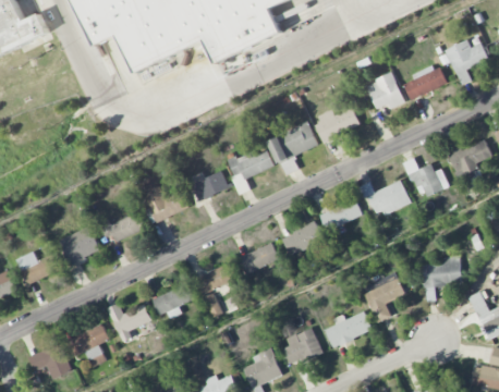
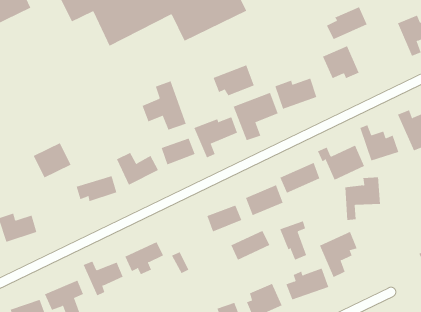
building: [402,64,447,100] -> [326,6,368,40]
building: none -> [213,65,254,96]
building: none -> [142,81,186,130]
building: [58,226,99,265] -> [33,143,71,178]
building: [422,255,461,302] -> [344,177,381,221]
building: none -> [280,221,307,261]
building: [194,262,236,295] -> [231,230,270,261]

